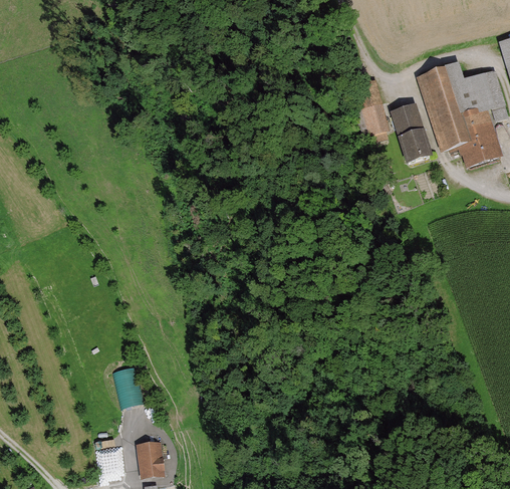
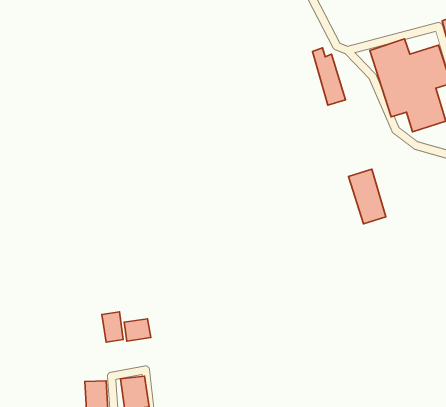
building: [389,100,431,162] -> [348,169,386,224]
building: none -> [124,319,151,341]

